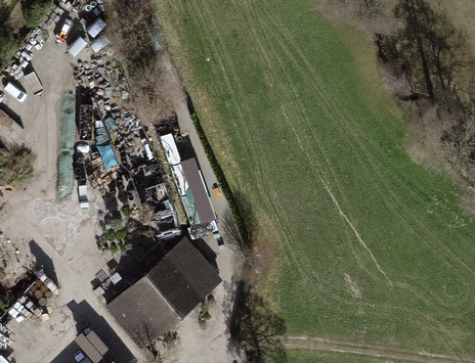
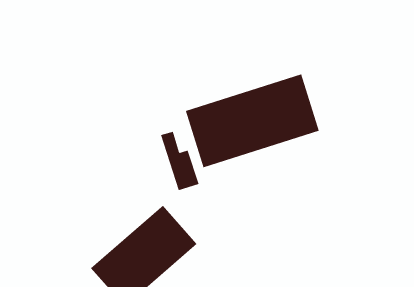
building: none -> [185,74,319,168]

